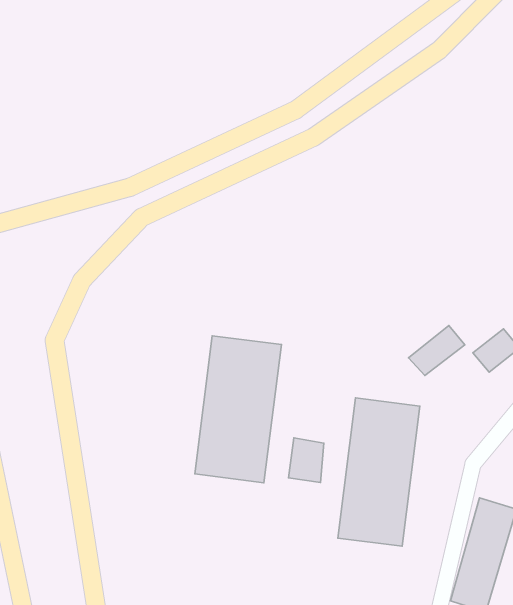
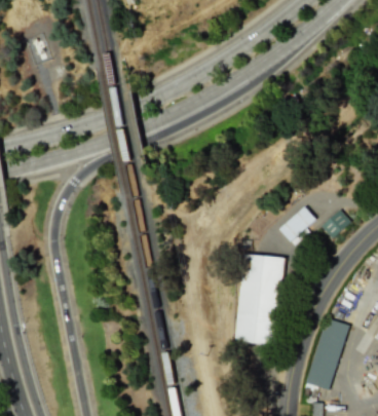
building: [195,336,281,483] -> none
building: [289,438,324,482] -> none

